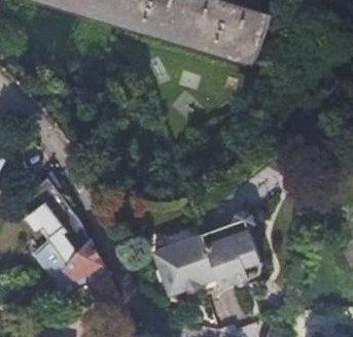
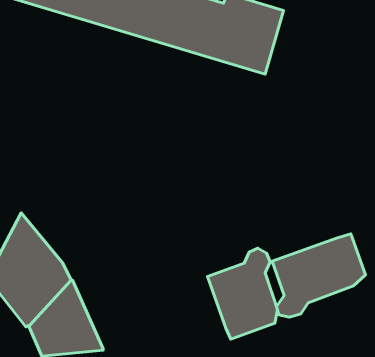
building: none -> [272,234,365,317]
building: [155,236,219,297] -> none

